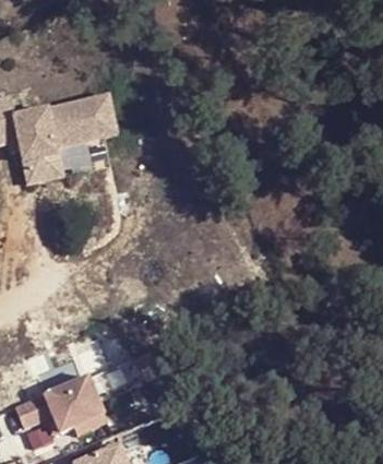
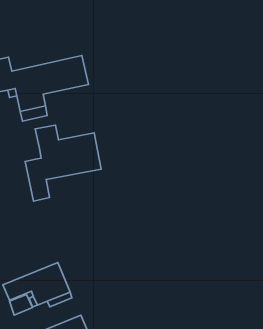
building: none -> [25,125,101,201]

